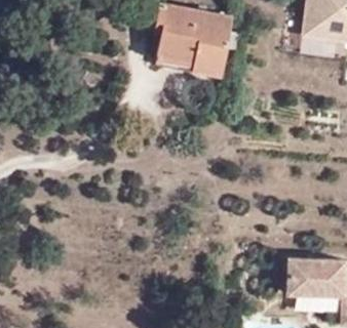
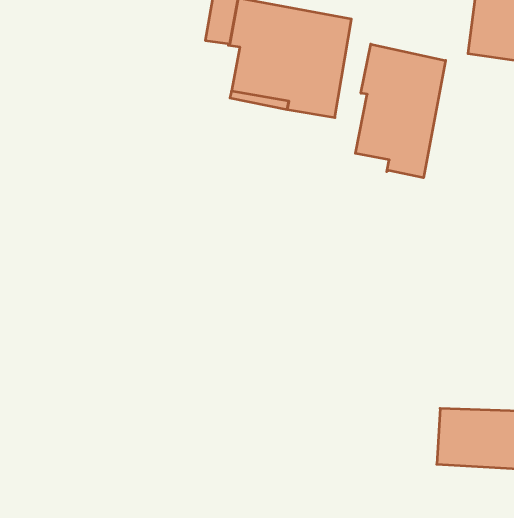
building: none -> [355,44,446,178]

